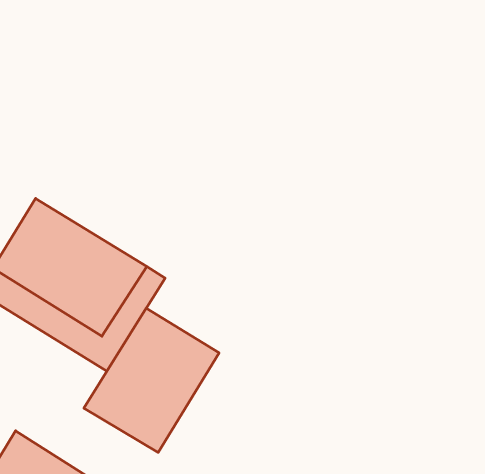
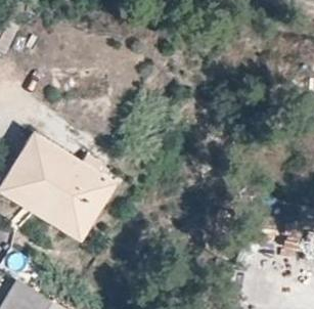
building: [84,308,219,452] -> none

